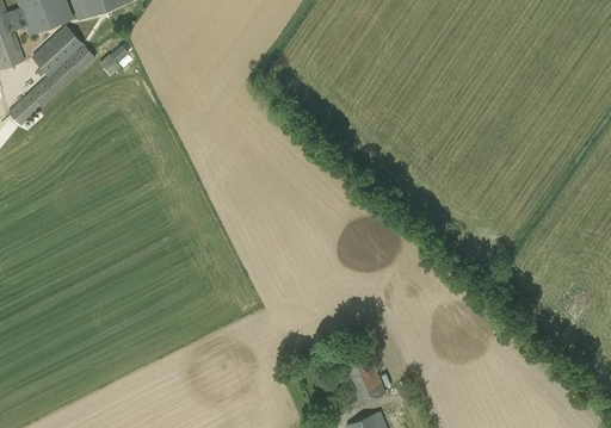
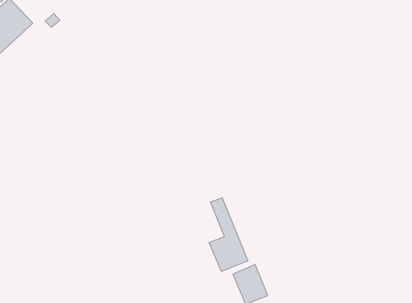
building: none -> [209,198,248,272]

